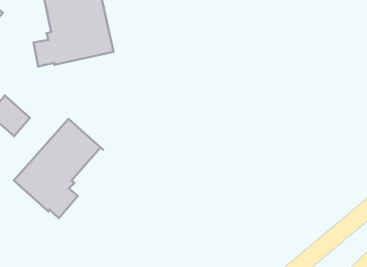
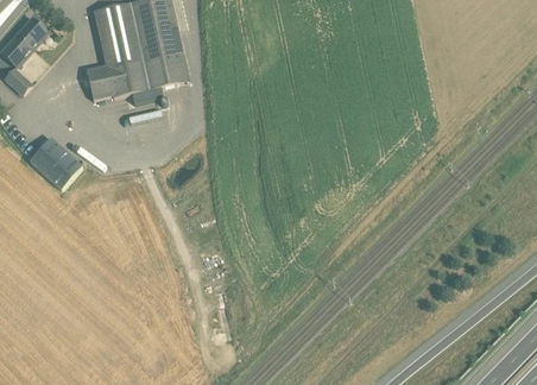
building: [14,119,103,218] -> none

